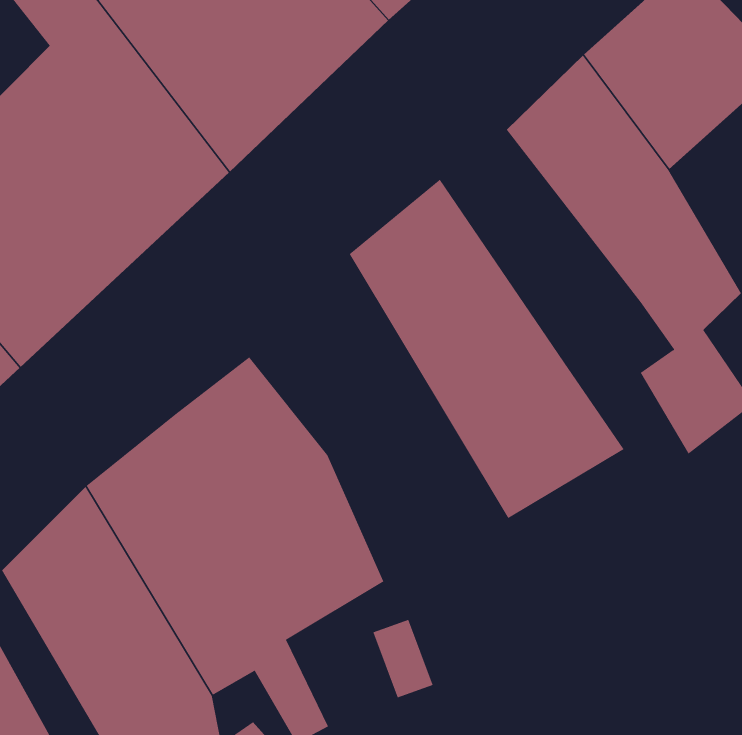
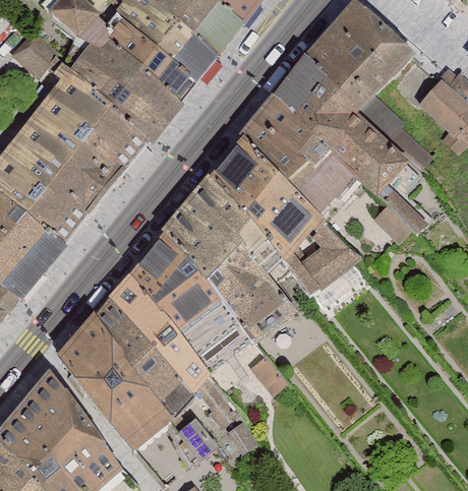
building: none -> [252,97,362,209]
building: none -> [169,171,311,333]

